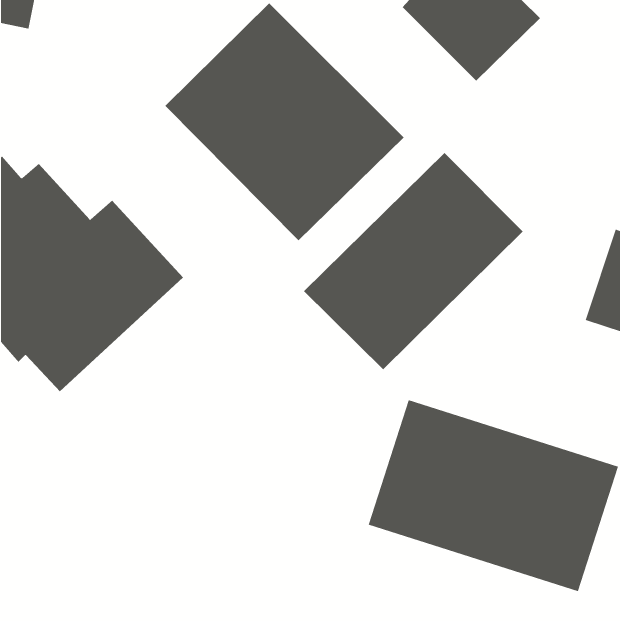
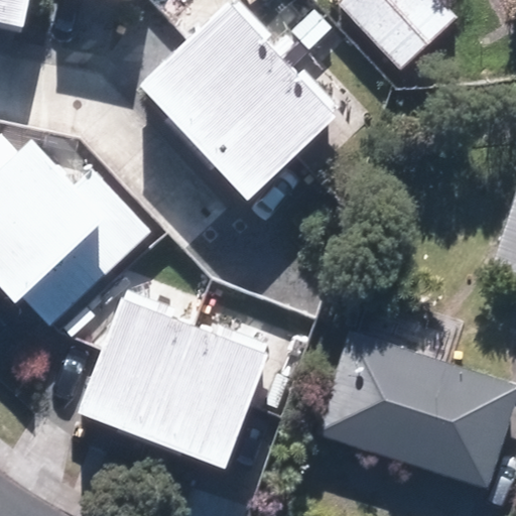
building: [303,152,523,370] -> none
building: none -> [79,297,270,468]

